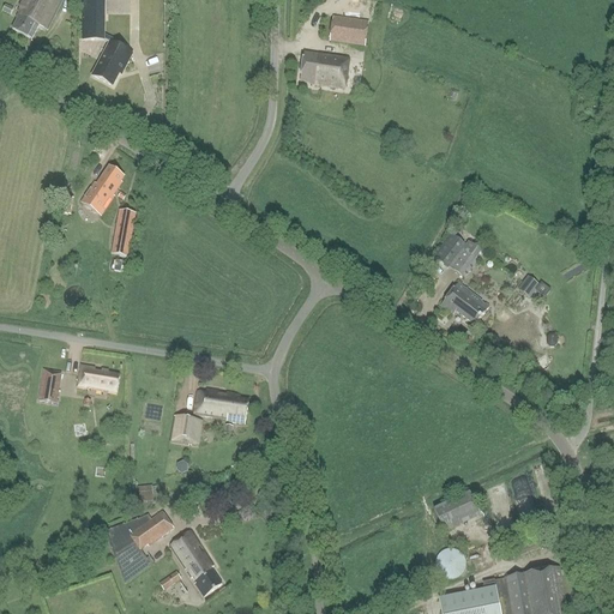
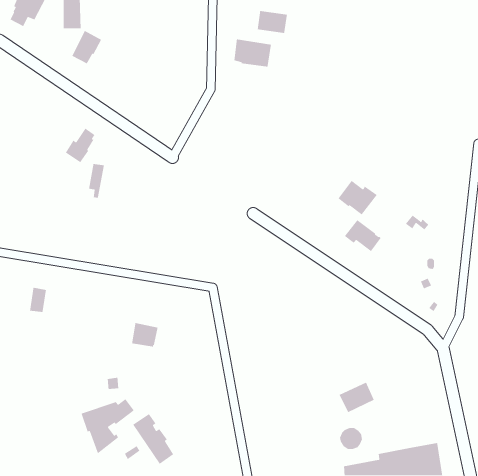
building: [77,363,120,393] -> none
building: [193,387,246,423] -> none

